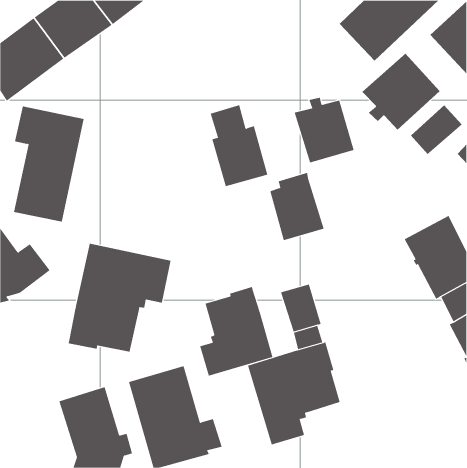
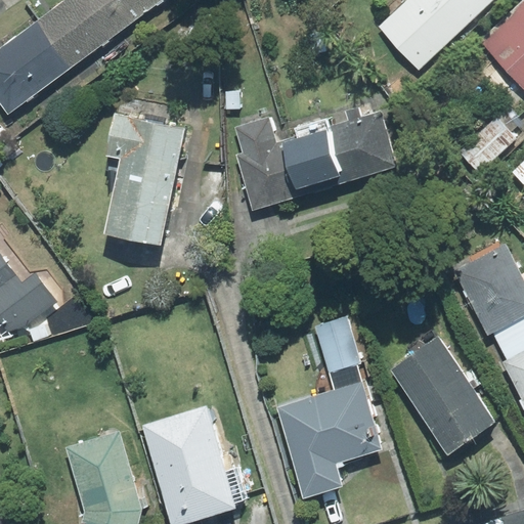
building: [362,53,441,130] -> none
building: [13,106,85,222] -> [104,115,184,245]
building: [269,172,324,241] -> [285,119,346,195]
building: [68,243,171,353] -> none
building: [199,286,273,377] -> none
building: none -> [390,339,494,453]

